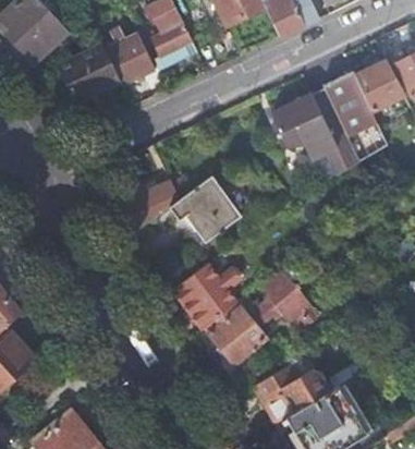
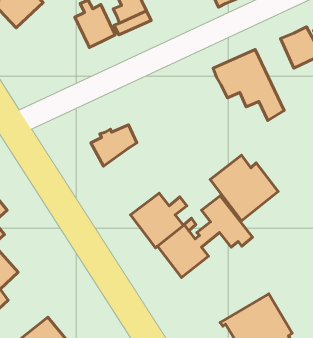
building: [59,46,120,102] -> none
building: [321,69,386,162] -> none
building: [169,179,239,244] -> none
building: none -> [210,155,278,221]
building: [252,349,328,424] -> none

